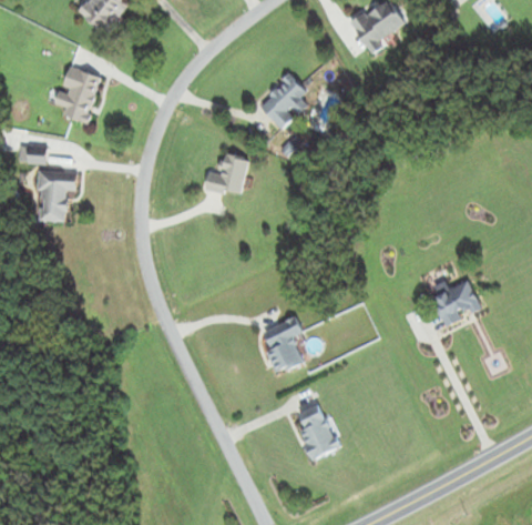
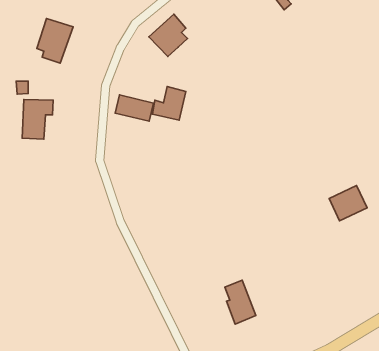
building: [257,73,307,128] -> [149,14,188,57]
building: none -> [115,95,153,121]
building: [260,316,301,372] -> none

